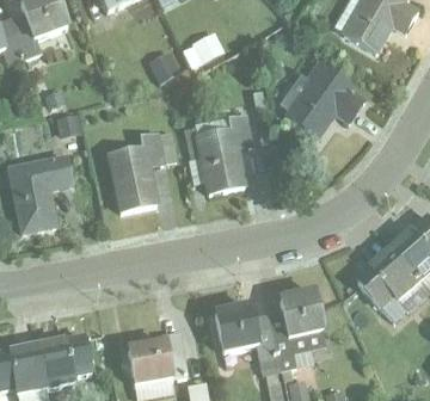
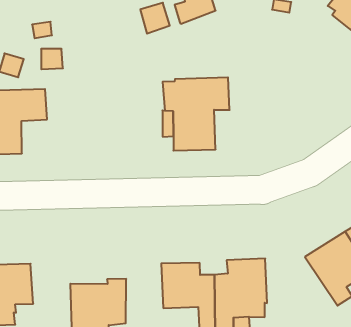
building: [278,57,366,136] -> none
building: [105,128,177,211] -> none

